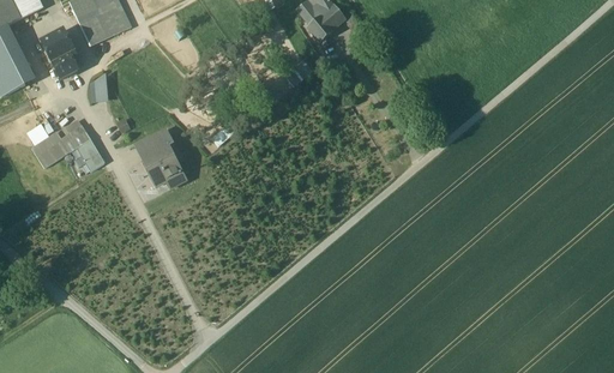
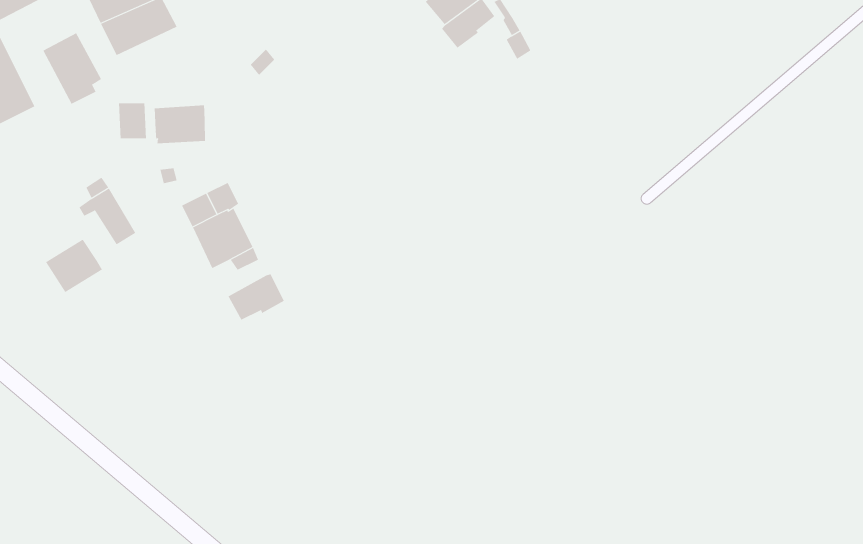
building: none -> [154,105,205,144]
building: [30,132,68,168] -> [45,239,103,293]
building: none -> [227,273,284,321]

